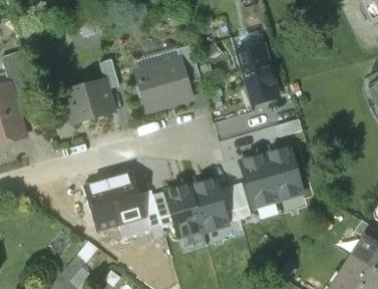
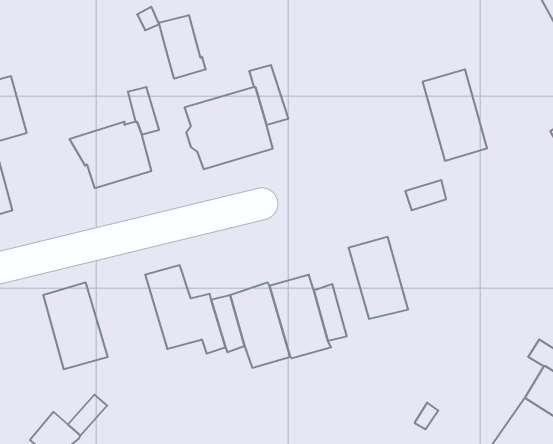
building: none -> [159,15,206,79]
building: [236,45,277,103] -> [423,69,487,161]
building: [265,146,303,200] -> none
building: [83,178,124,233] -> [43,283,108,369]

